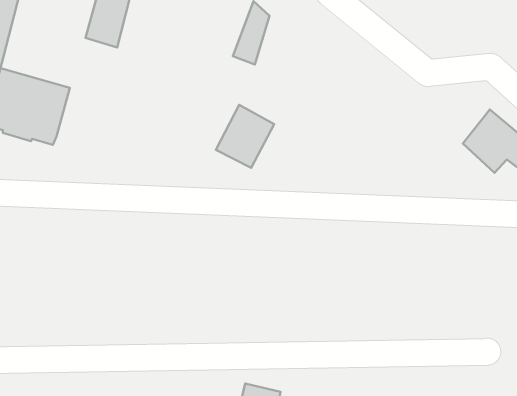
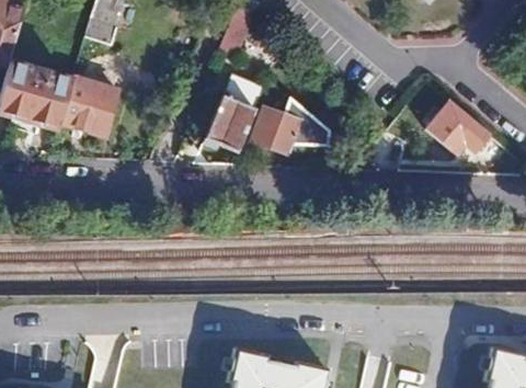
building: none -> [60,77,119,137]
building: none -> [250,96,332,155]

